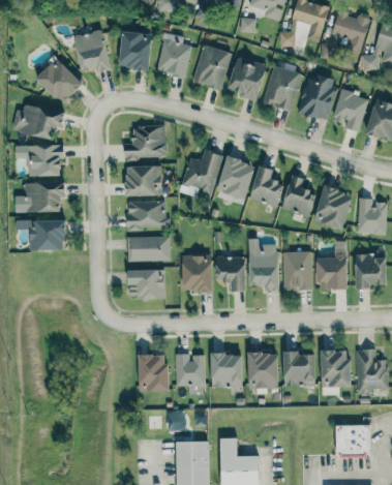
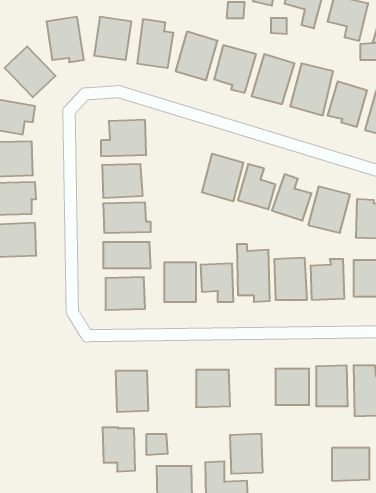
building: [182,150,221,198] -> none
building: [247,353,277,389] -> [230,434,263,474]
building: [175,354,205,394] -> [102,427,135,472]

